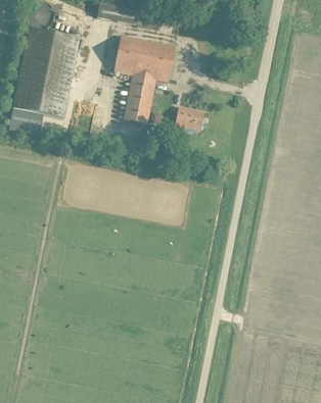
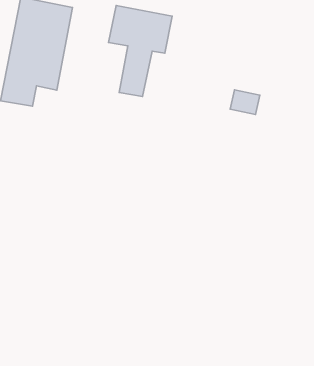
building: [175,106,203,130] -> [230,90,260,114]

